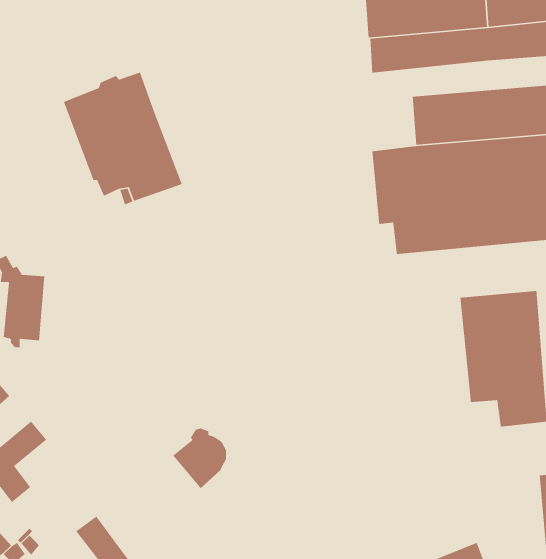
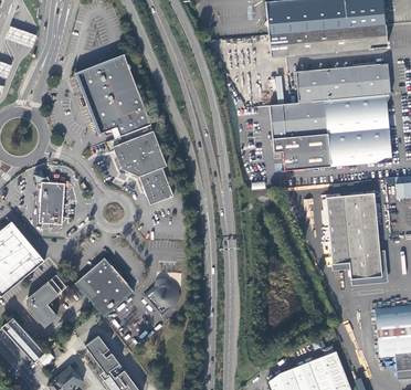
building: none -> [113,133,172,204]
building: none -> [75,257,135,317]

